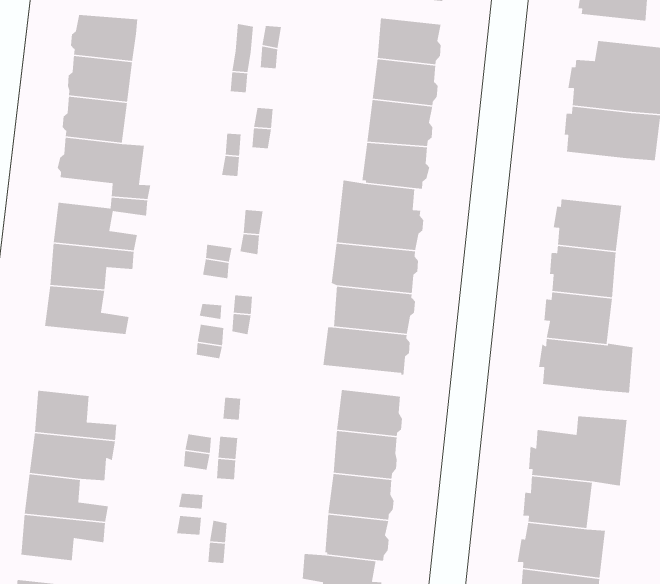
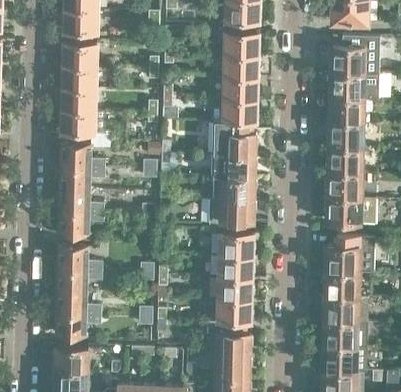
building: none -> [328,98,363,124]
building: none -> [59,213,104,236]

